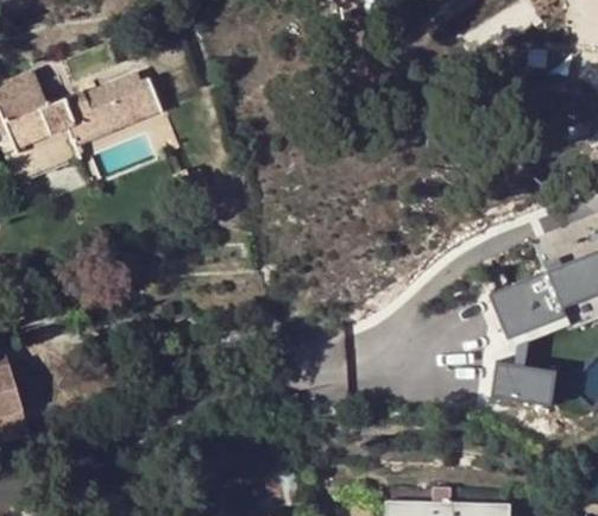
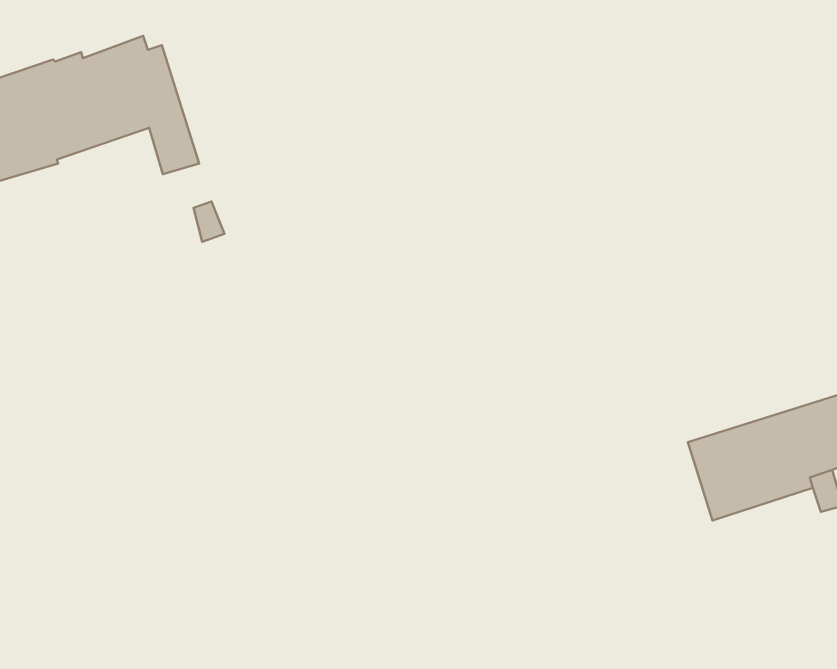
building: [489,359,555,405] -> none

